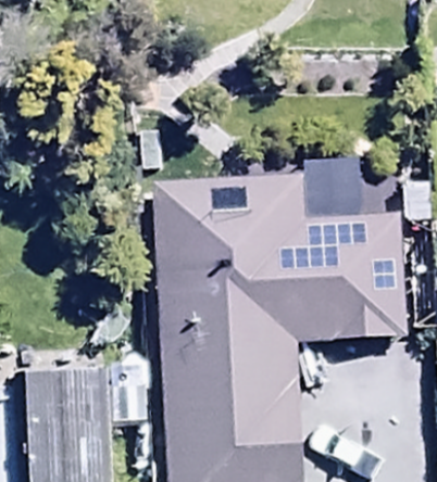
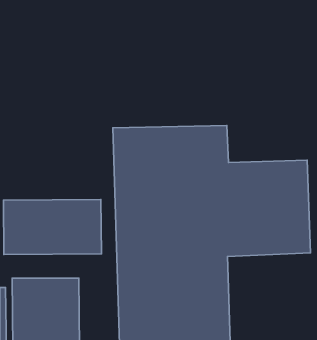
building: none -> [4,199,102,254]

